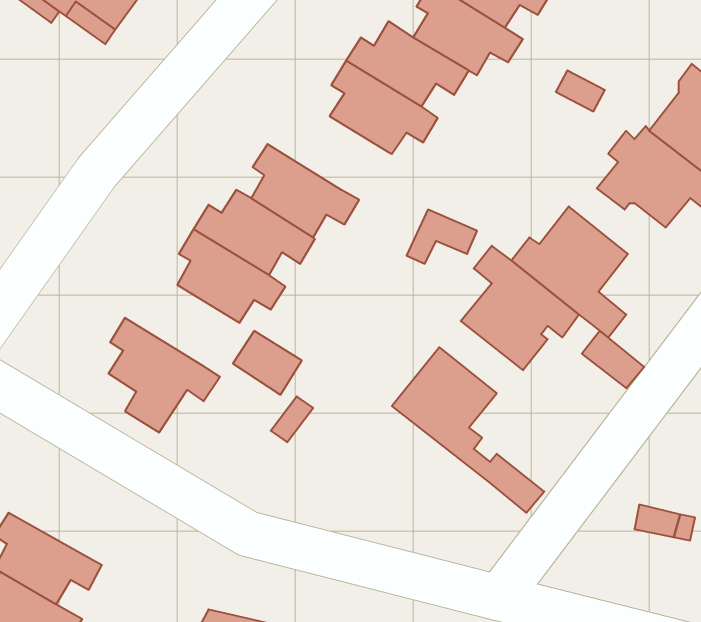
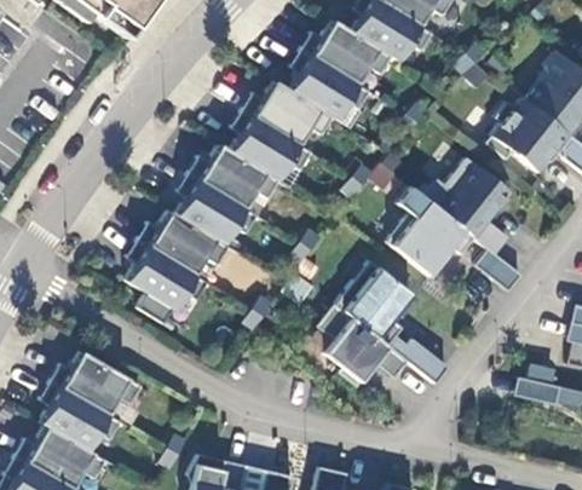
building: none -> [244,81,334,145]
building: none -> [139,211,230,275]
building: none -> [317,304,409,387]
building: none -> [53,352,143,415]

